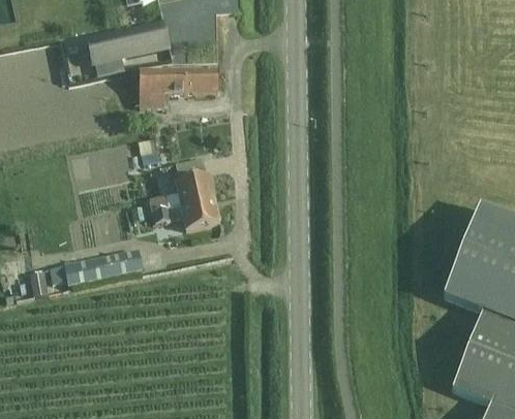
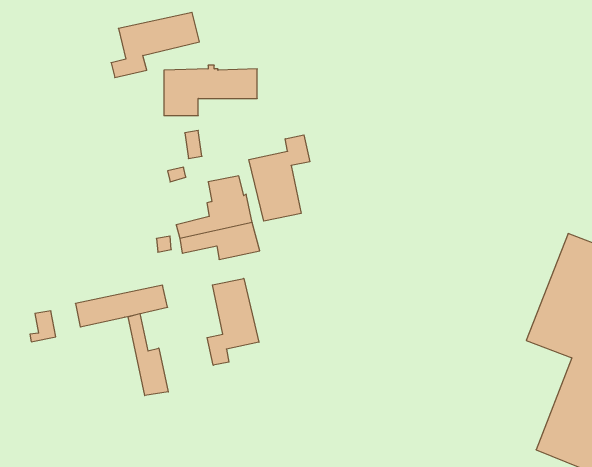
building: none -> [249,135,310,221]
building: none -> [207,278,259,365]
building: none -> [128,314,168,396]

